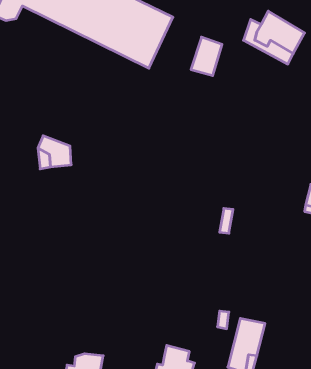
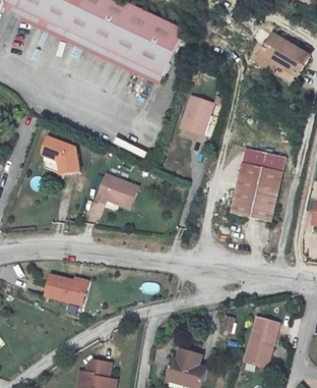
building: [191,37,222,76] -> [183,93,213,130]
building: none -> [232,156,281,217]
building: none -> [96,177,138,212]
building: none -> [40,271,80,301]

